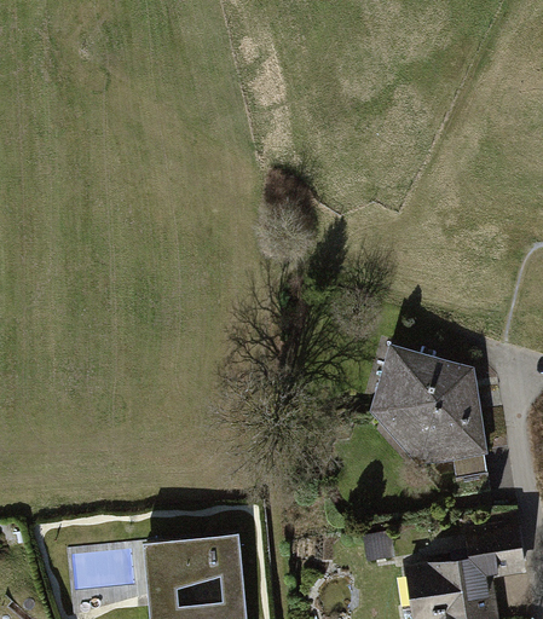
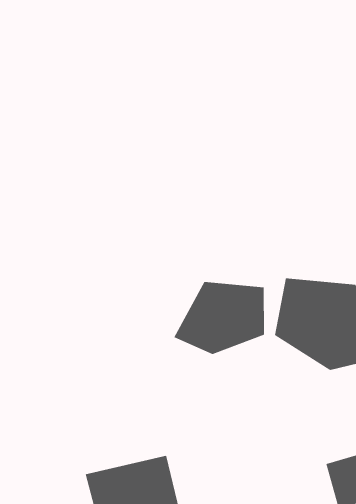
building: none -> [173,281,264,355]

